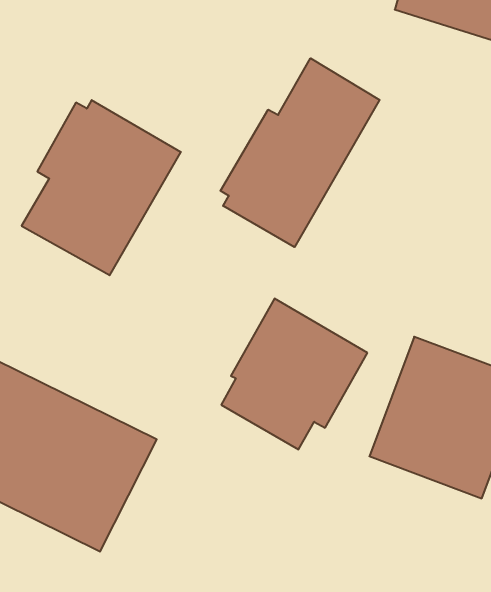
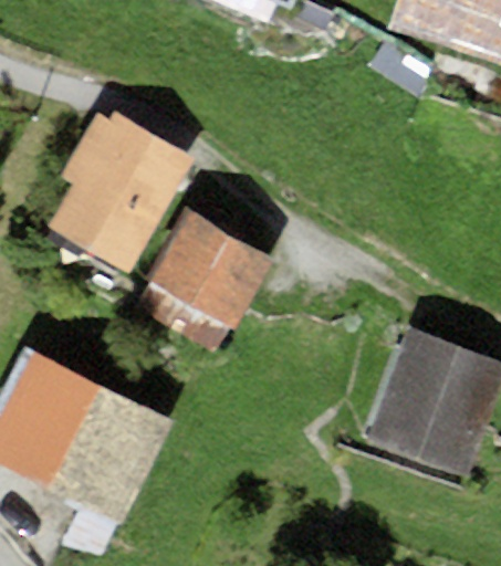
building: [220,58,380,247] -> none
building: [221,299,367,449] -> [140,209,274,347]

